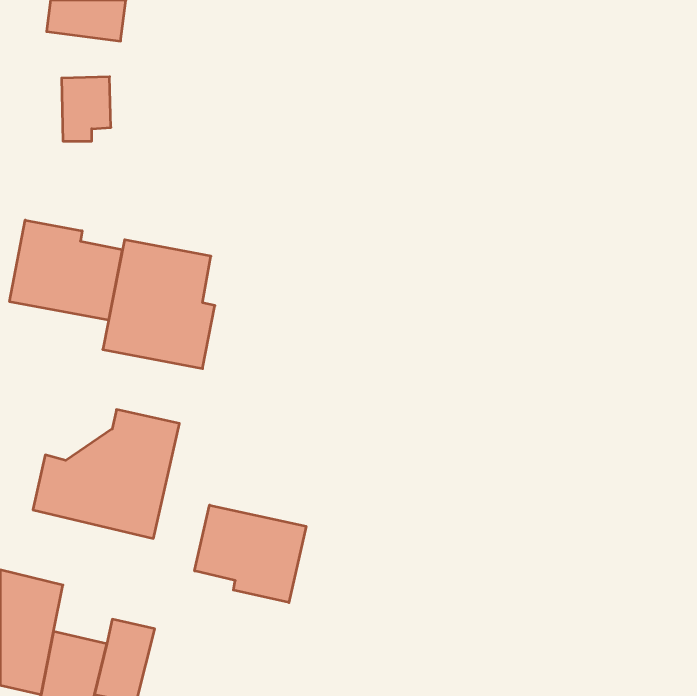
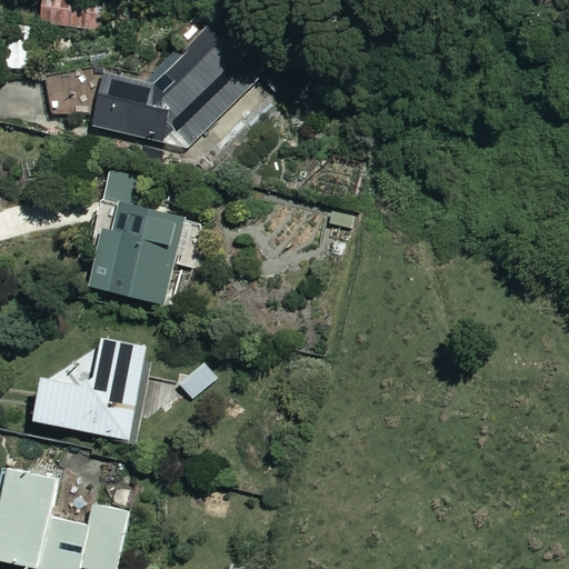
building: none -> [90,30,260,153]
building: [10,220,122,320] -> none
building: [195,505,306,603] -> none

